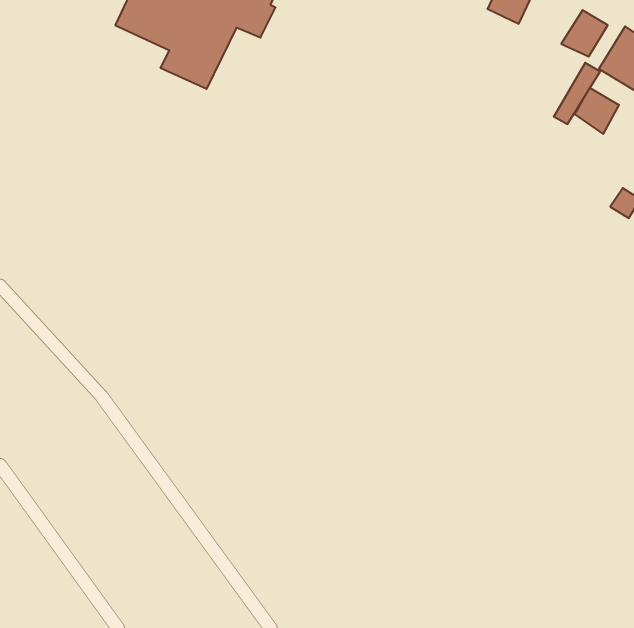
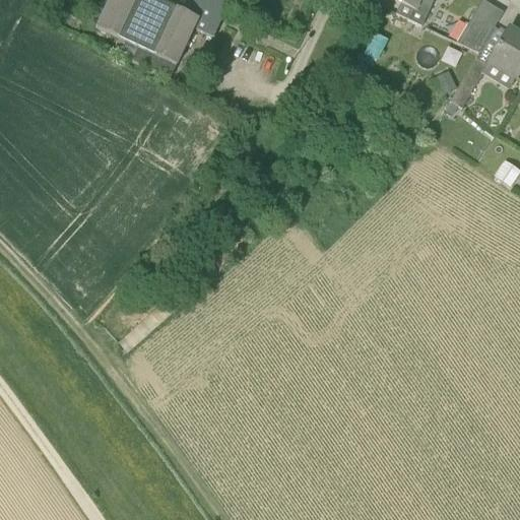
building: [575,88,619,134] -> none

